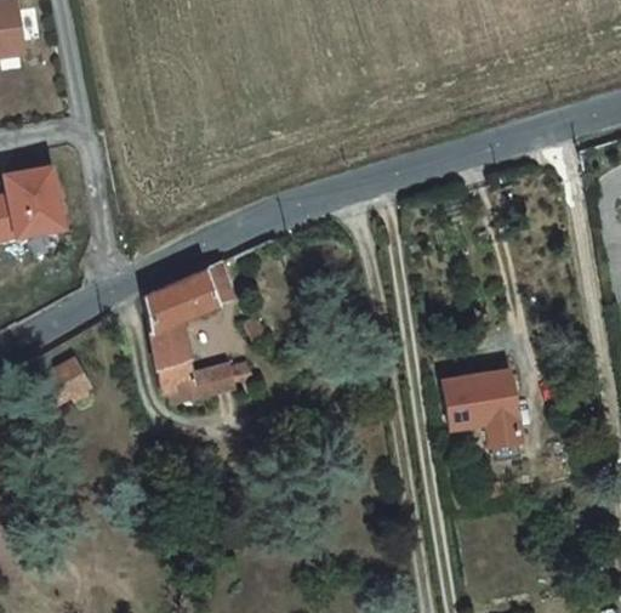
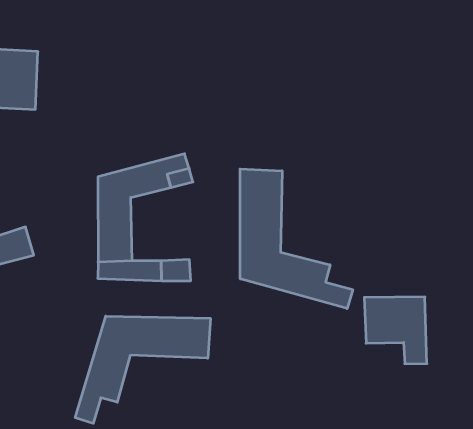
building: none -> [240,169,353,309]
building: none -> [75,316,210,423]

